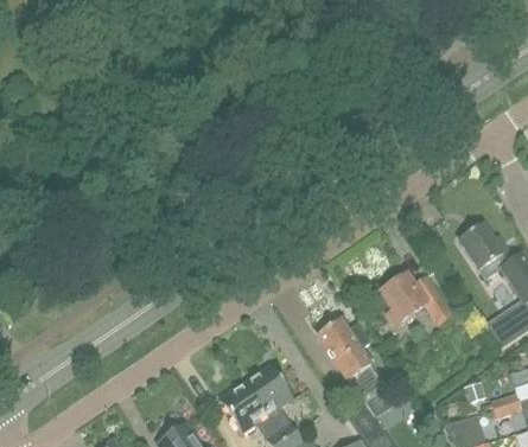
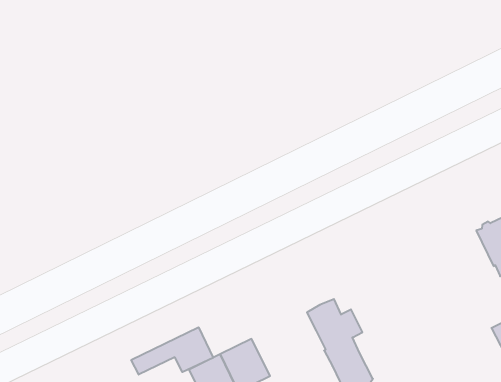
building: [380,274,454,326] -> none
building: none -> [131,327,213,375]

